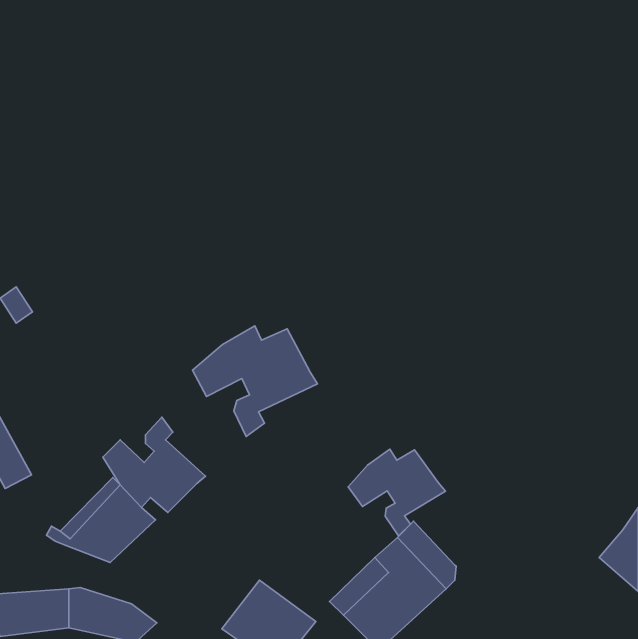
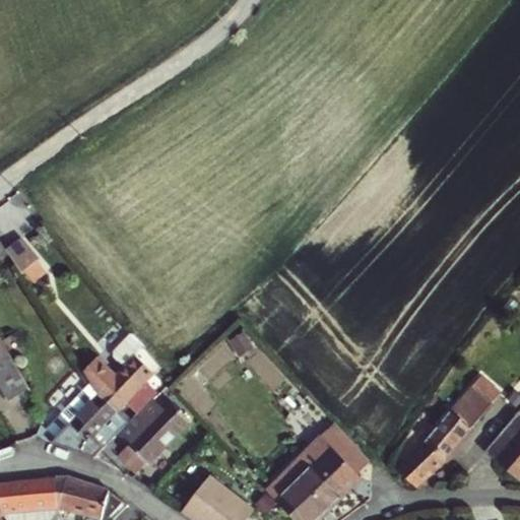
building: [193,326,318,436] -> none
building: [348,449,445,536] -> none
building: none -> [399,383,493,485]
building: none -> [116,393,188,472]

